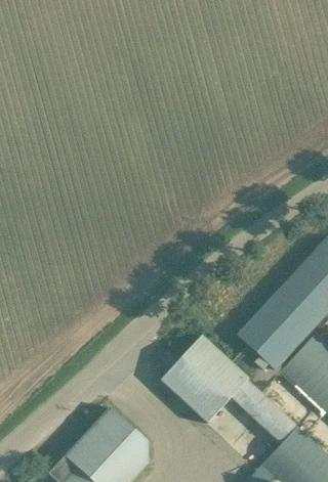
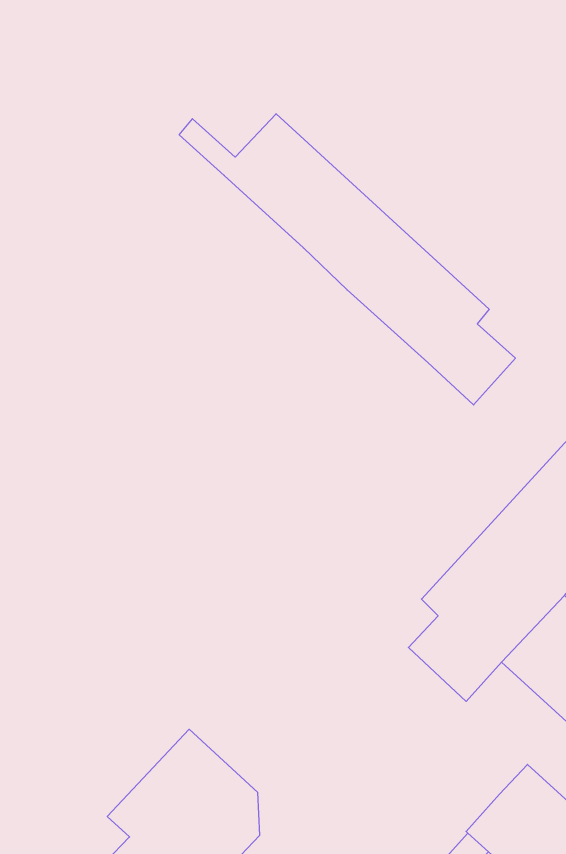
building: none -> [179,114,515,405]
building: [161,337,296,444] -> none

